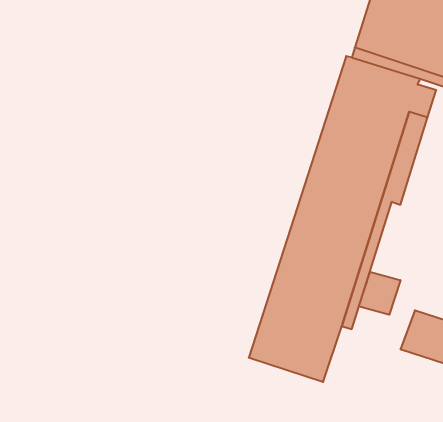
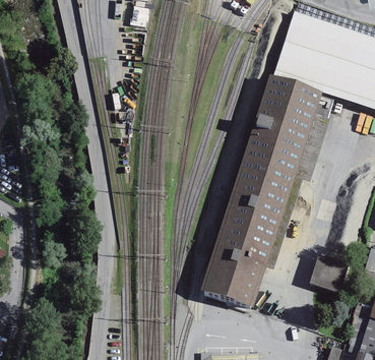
building: [359,272,400,315] -> none

